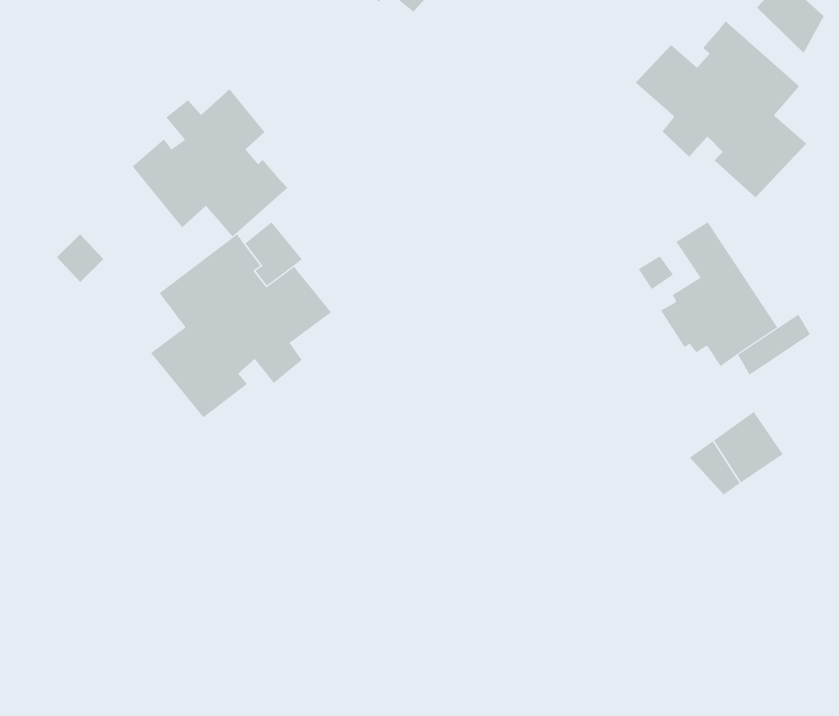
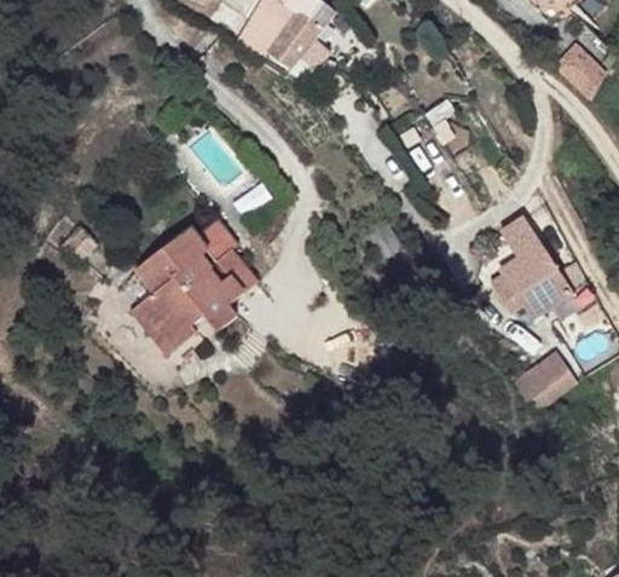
building: [635,20,807,198] -> none
building: [132,88,288,237] -> none

